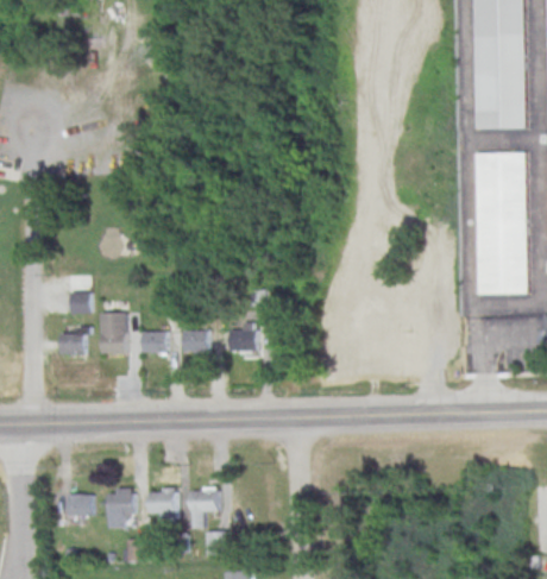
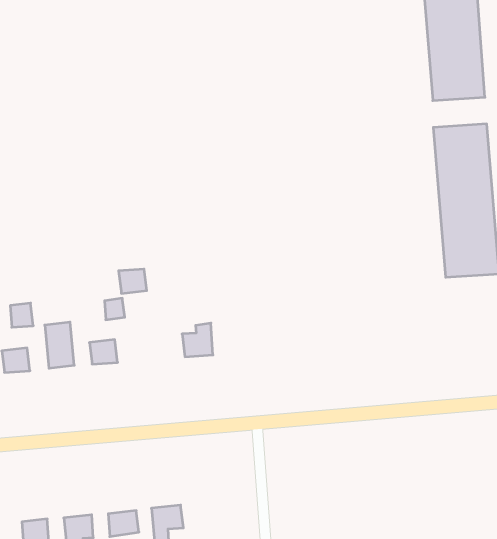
building: [183,331,208,352] -> [119,269,147,293]

